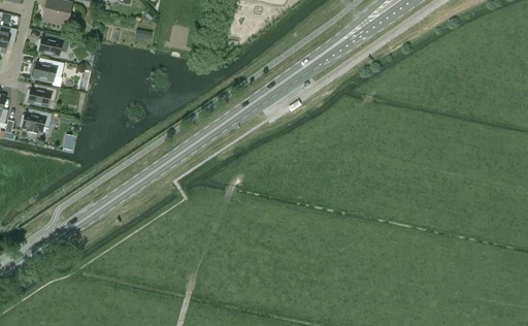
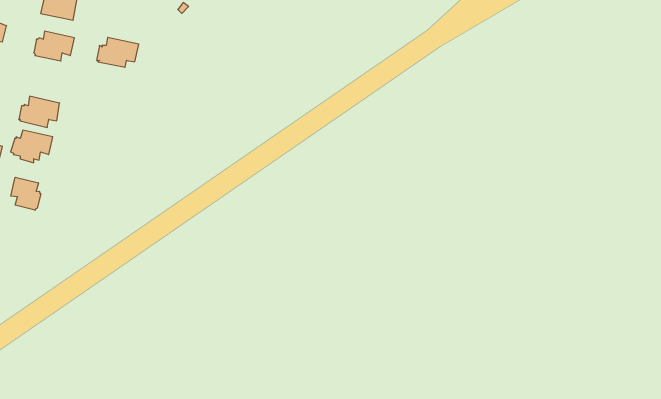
building: [31,58,63,80] -> [97,37,139,67]
building: none -> [11,177,41,210]

